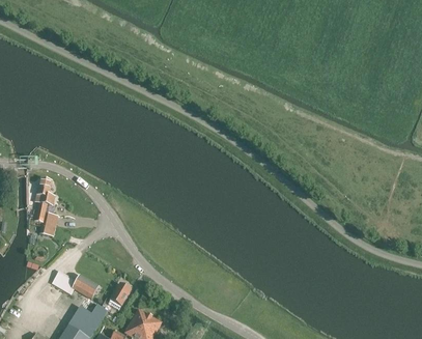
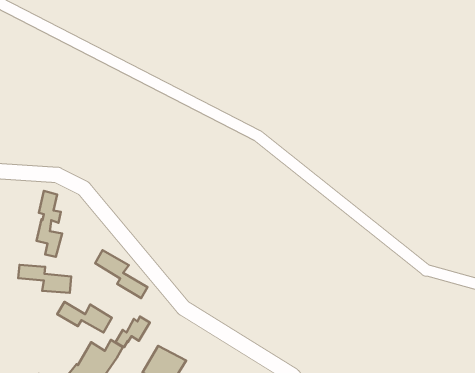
building: none -> [95,250,147,298]
building: none -> [18,265,71,293]

